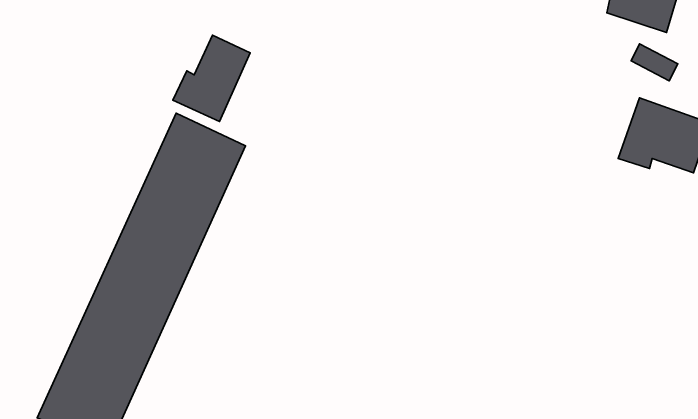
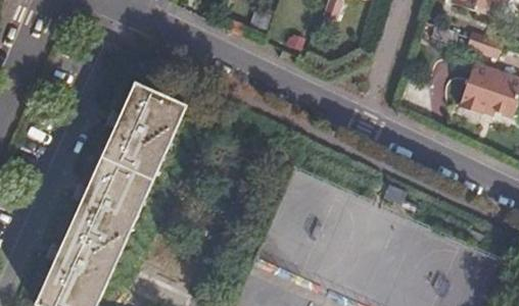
building: [173,35,250,121] -> none

